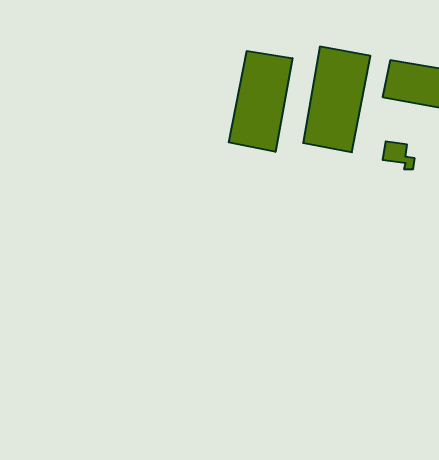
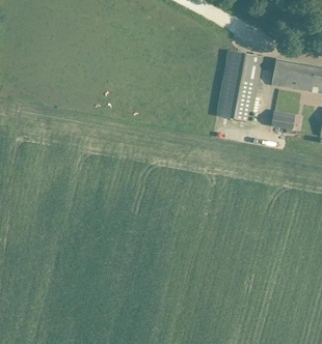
building: [229,51,292,152] -> none

